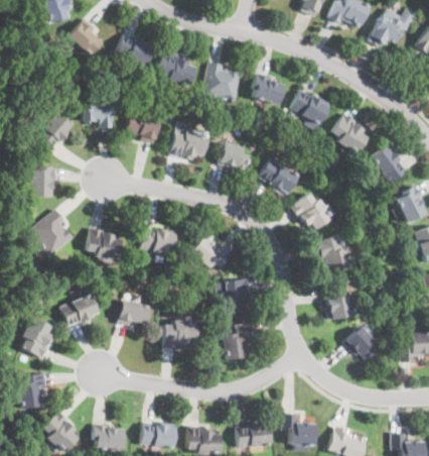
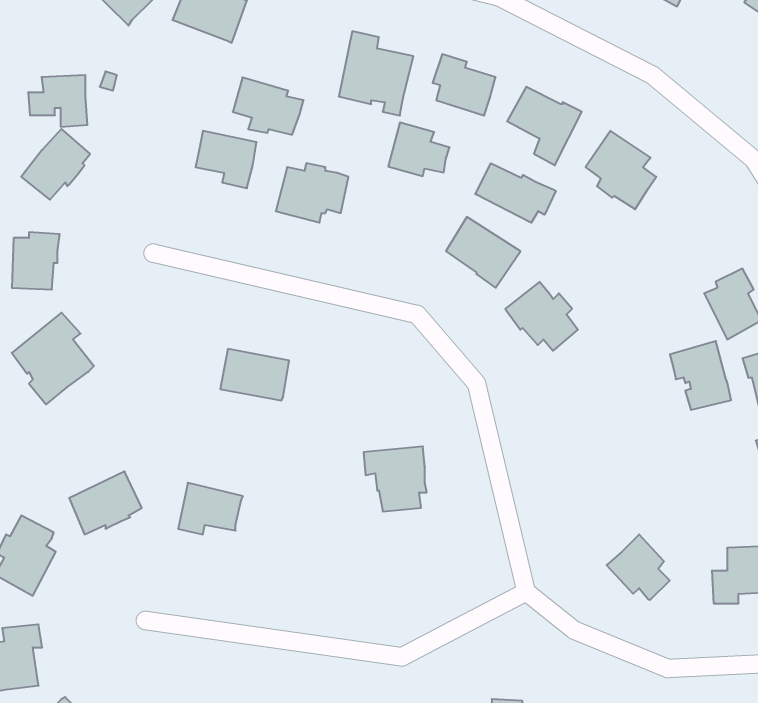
building: [159,54,196,85] -> [233,77,304,135]
building: [82,101,113,128] -> [28,75,87,127]
building: none -> [475,163,556,223]
building: [220,142,252,170] -> [388,123,450,176]
building: [371,144,408,184] -> none
building: [87,228,122,260] -> none
building: [191,235,234,268] -> none
building: [314,236,346,272] -> [670,341,731,410]
building: [324,283,351,321] -> none
building: [164,320,196,348] -> none
building: [222,323,253,359] -> none

